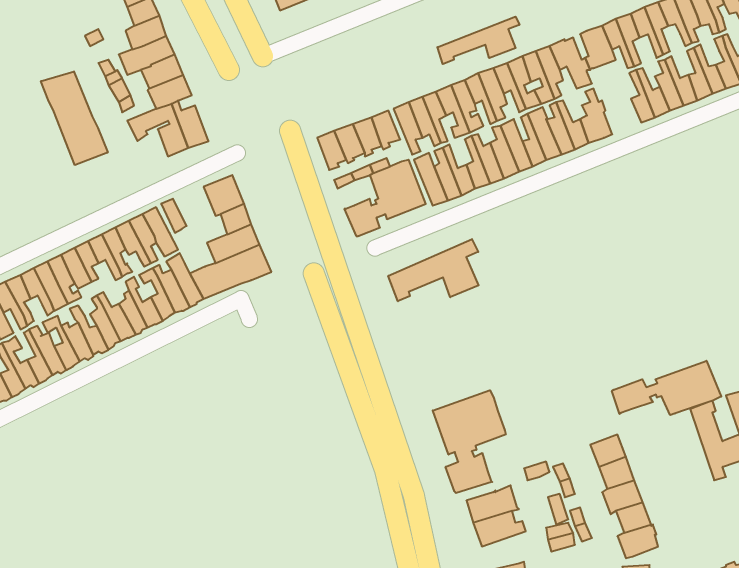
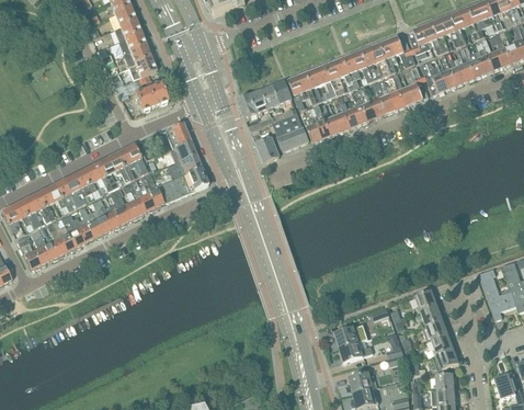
building: [437,17,519,64] -> none
building: [41,71,108,165] -> none
building: none -> [420,59,447,93]
building: [388,239,479,301] -> none
building: [612,361,721,415] -> none
building: [433,390,506,493] -> none

